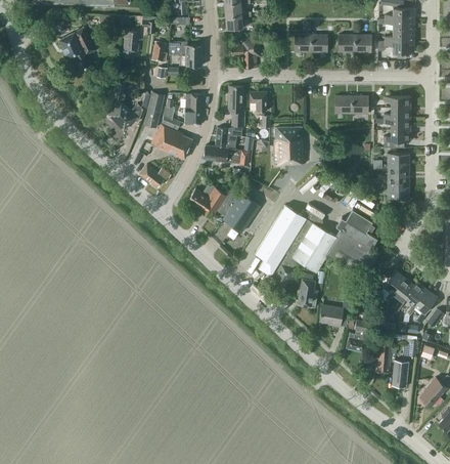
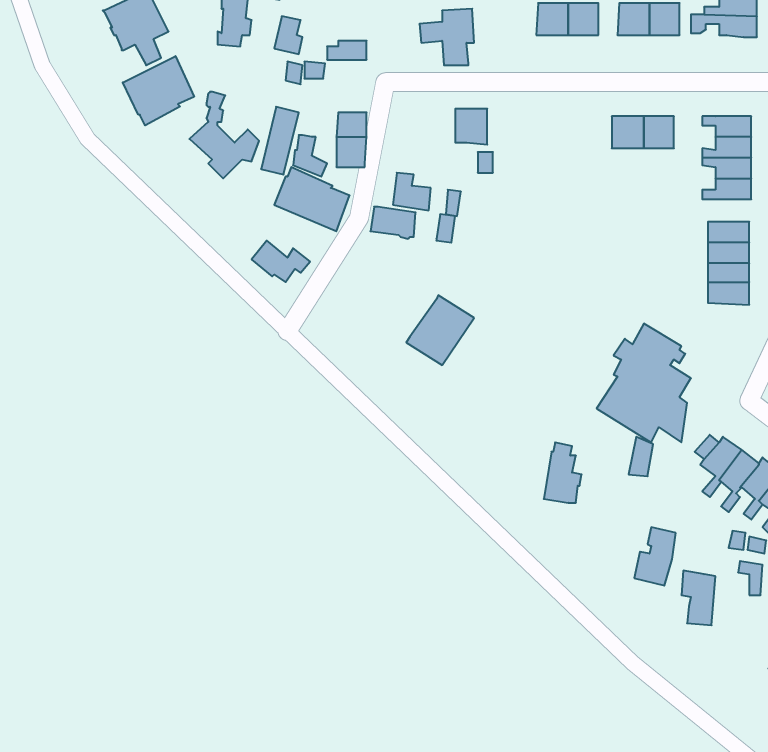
building: [169,41,201,58] -> none
building: none -> [123,56,194,125]
building: [228,86,244,126] -> none
building: [274,127,305,164] -> none
building: [186,183,239,218] -> none
building: [256,206,338,290] -> none
building: [320,301,351,326] -> none
building: [392,360,408,387] -> none

